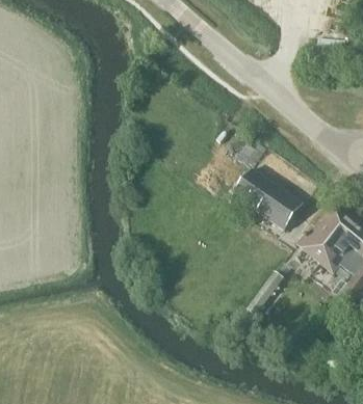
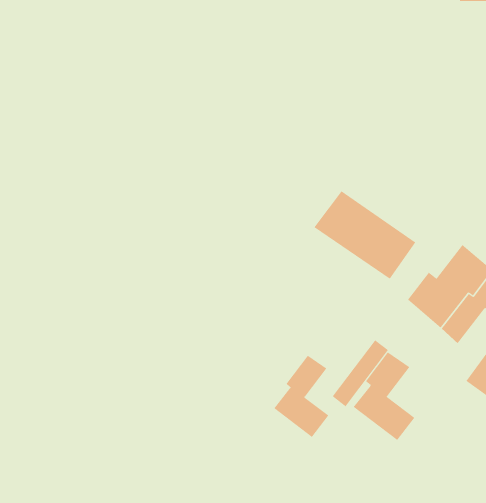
building: none -> [353,352,415,441]
building: none -> [273,355,329,438]

